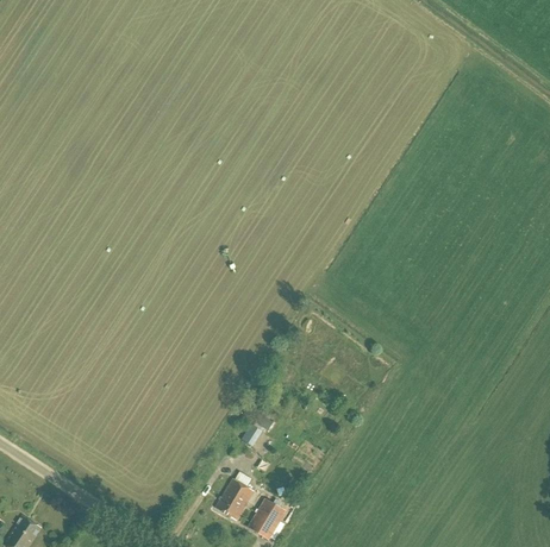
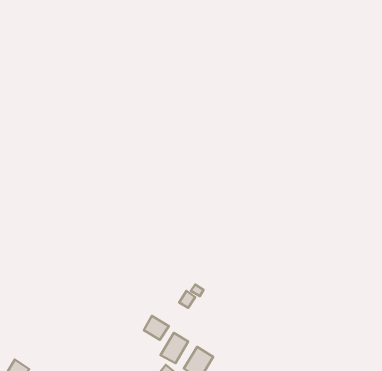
building: none -> [144,316,169,340]

